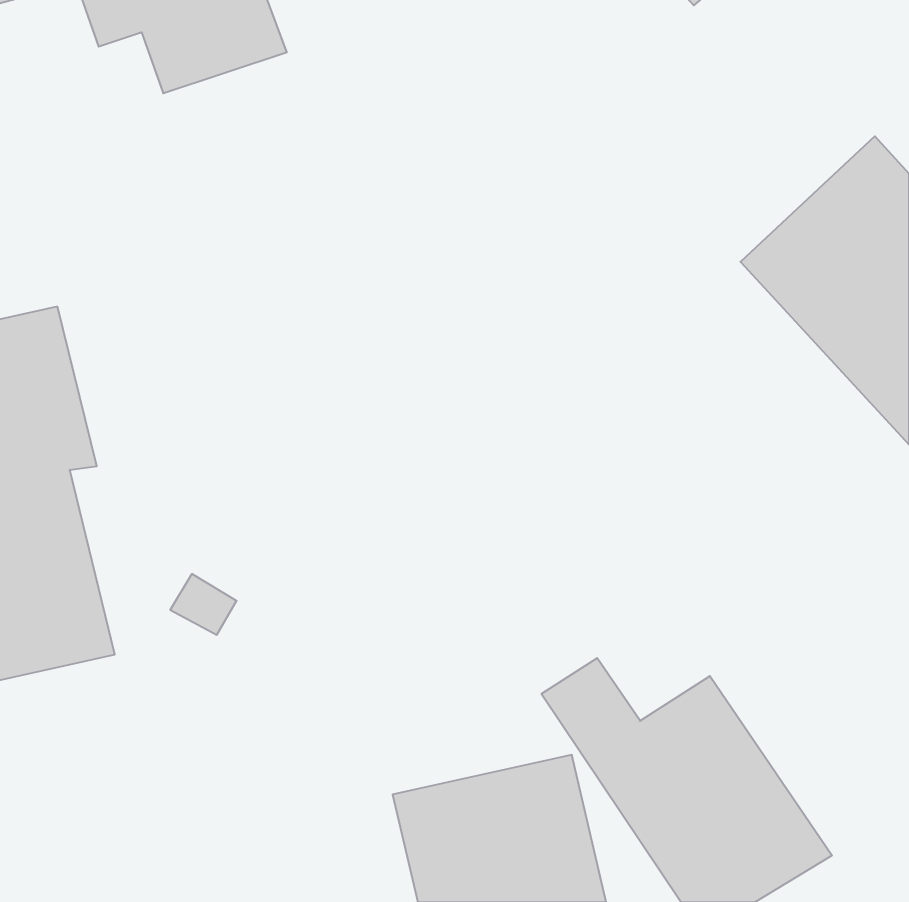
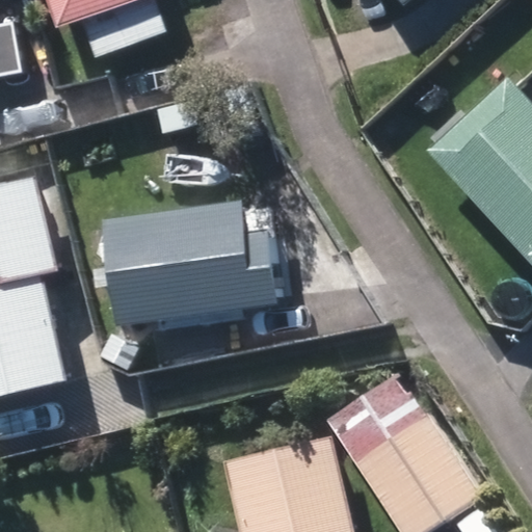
building: none -> [102,204,302,347]

